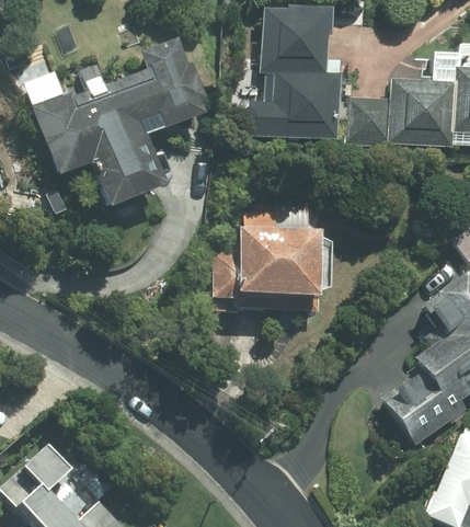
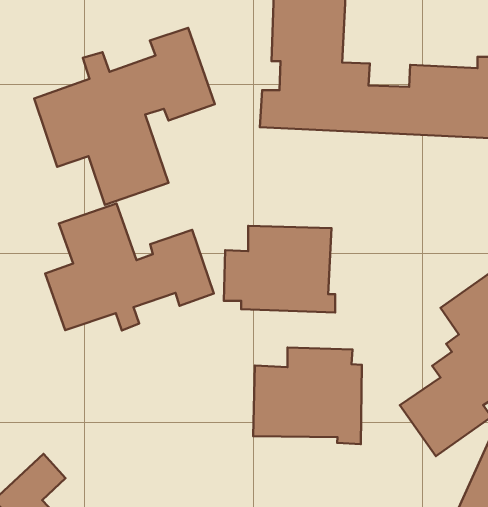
building: none -> [45,204,214,330]
building: none -> [253,348,362,444]

